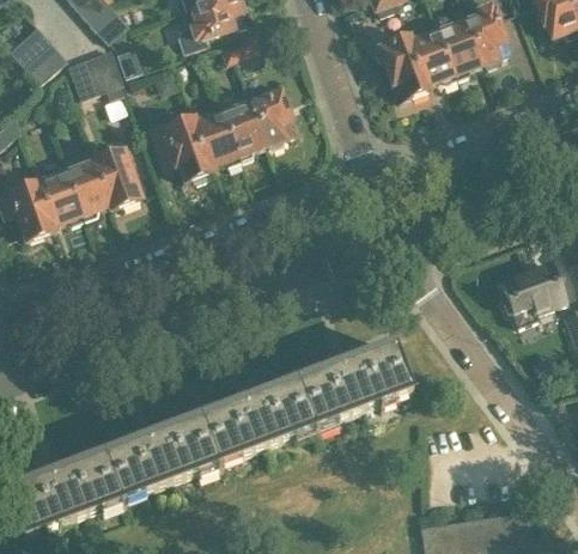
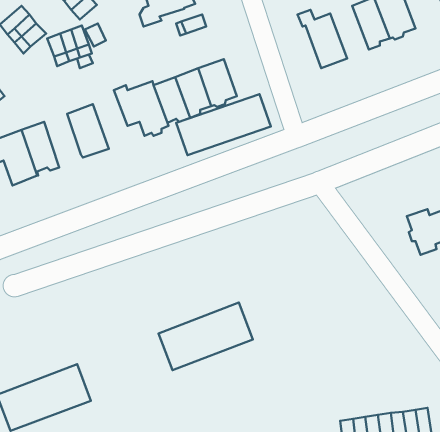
building: [409,25,456,89] -> none
building: none -> [176,94,271,155]
building: [65,156,109,220] -> none
building: [299,347,413,427] -> none
building: [104,420,219,501] -> none

